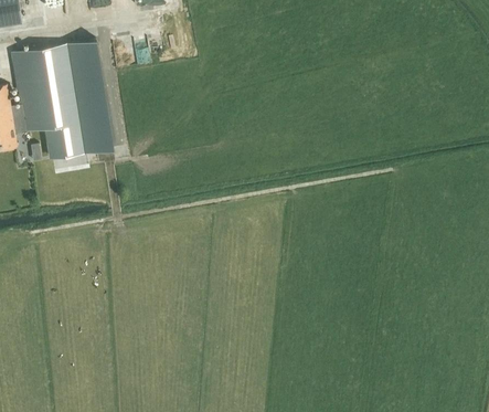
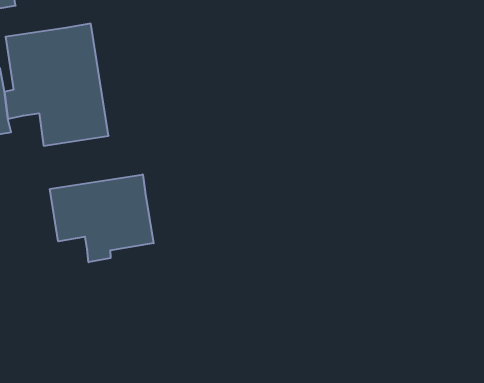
building: none -> [50,174,154,262]

